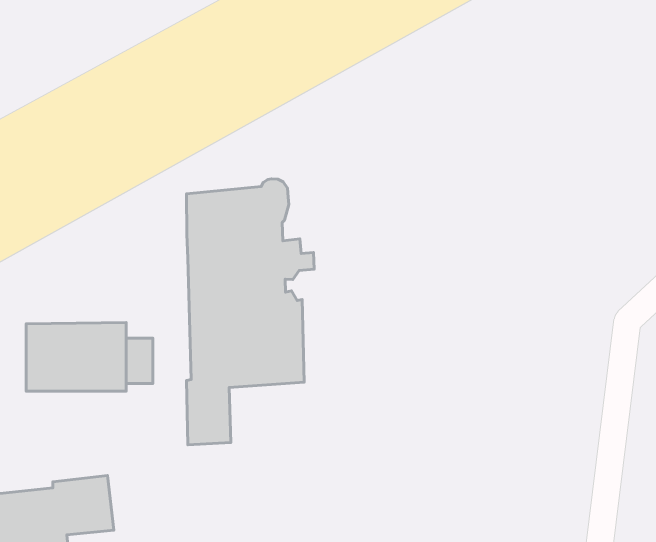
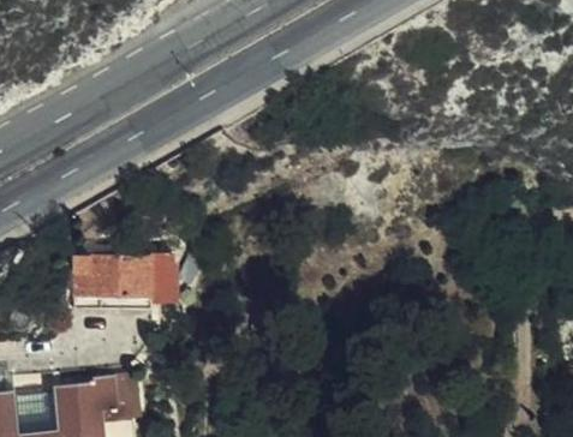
building: [186,179,314,445] -> none

